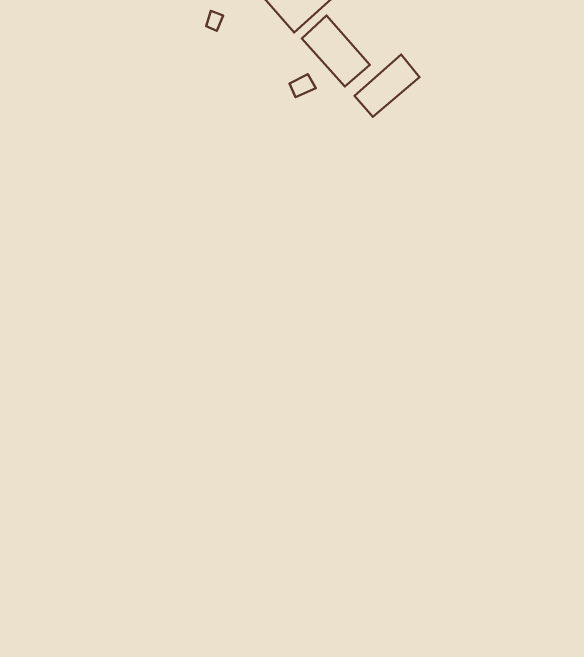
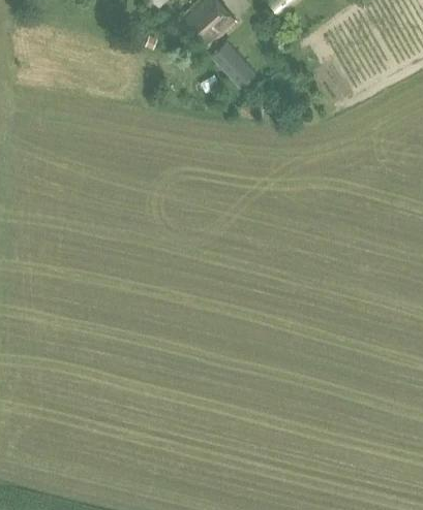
building: [354,55,420,117] -> none

